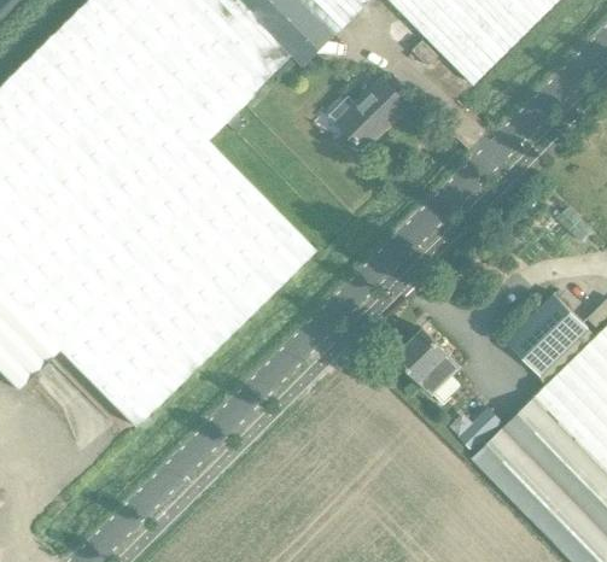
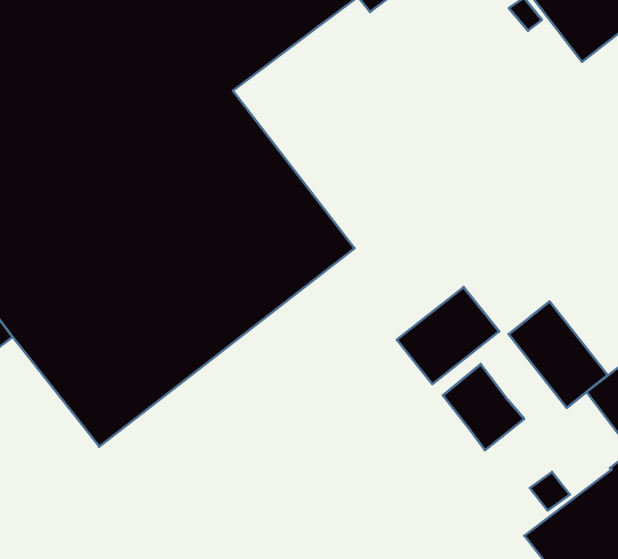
building: [334,78,408,148] -> none
building: none -> [397,287,499,384]
building: none -> [509,302,608,408]

